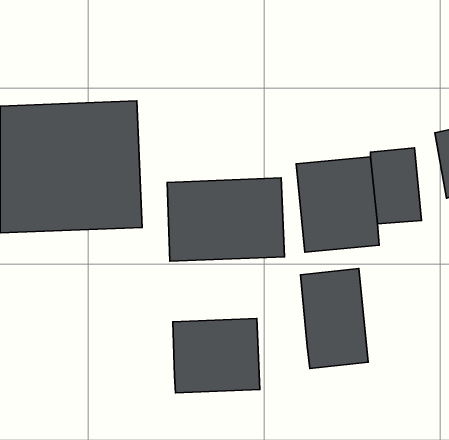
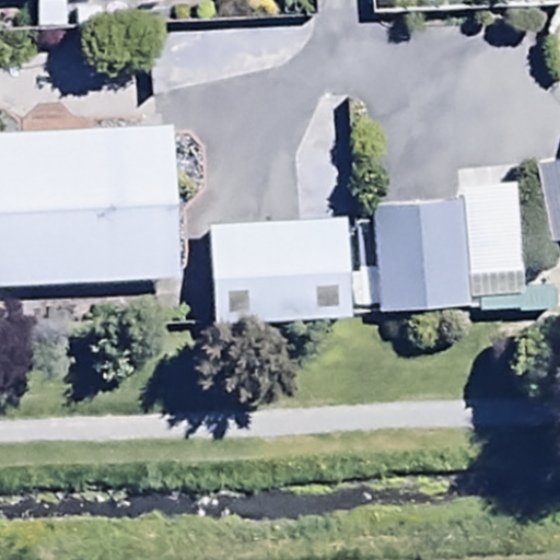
building: [300,269,368,369] -> none
building: [173,318,260,393] -> none

